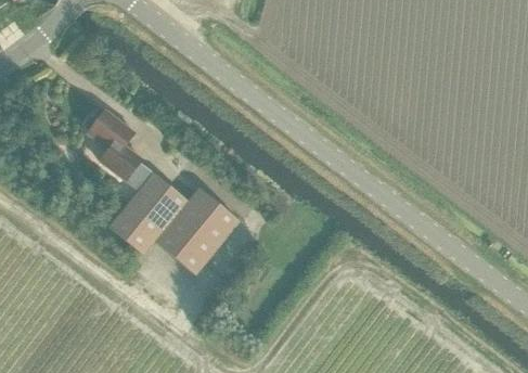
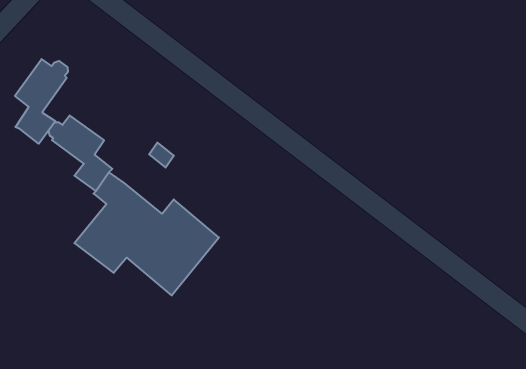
building: none -> [15,59,68,144]

